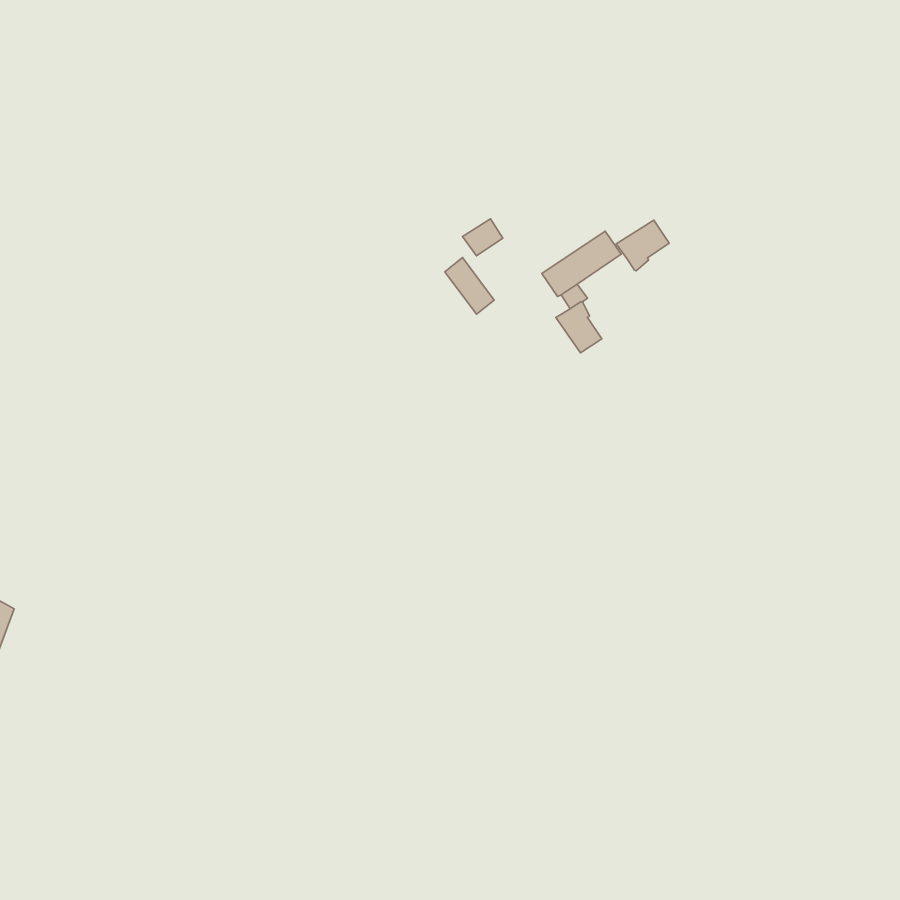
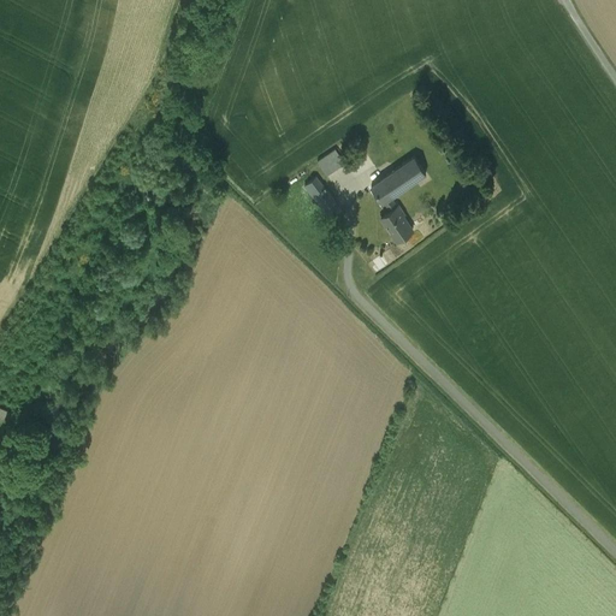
building: [616,220,669,271] -> none

